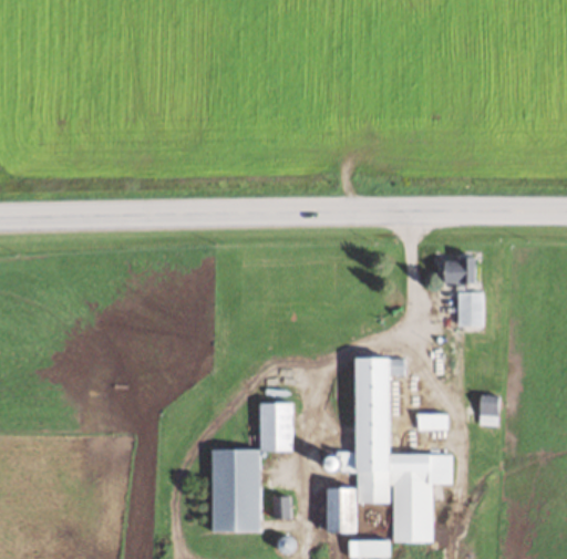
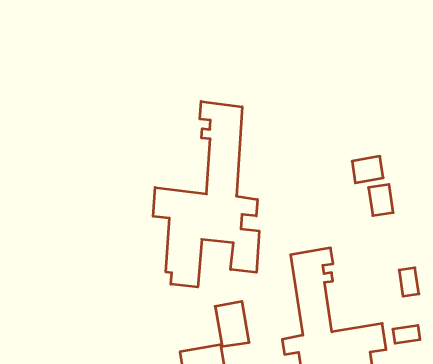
building: none -> [153,101,259,287]
building: [417,413,447,429] -> [393,325,420,343]

